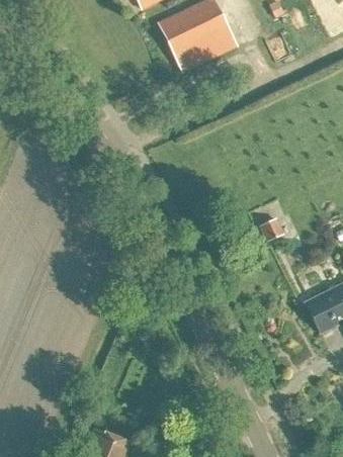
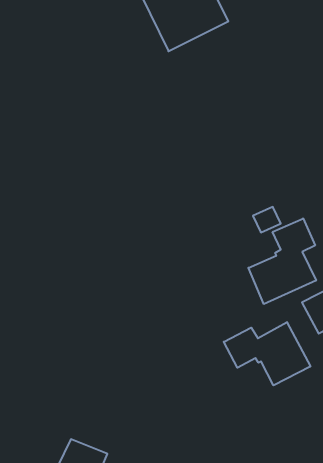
building: none -> [248,218,316,304]
building: none -> [224,322,310,385]

